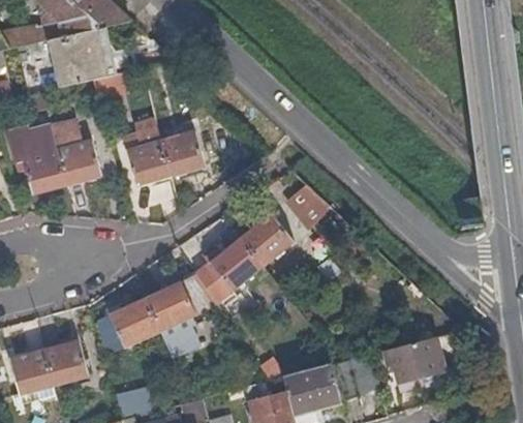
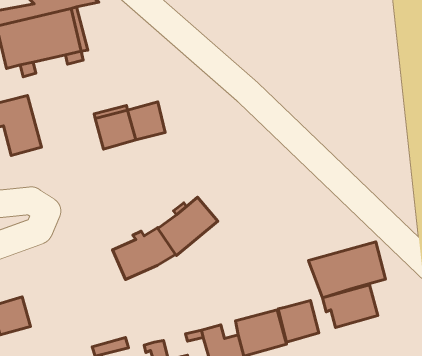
building: [51,119,100,182] -> none
building: [280,183,328,229] -> none
building: [241,213,293,265] -> none
building: none -> [308,242,386,298]
building: [110,297,160,346] -> none
building: [44,340,88,383] -> none

